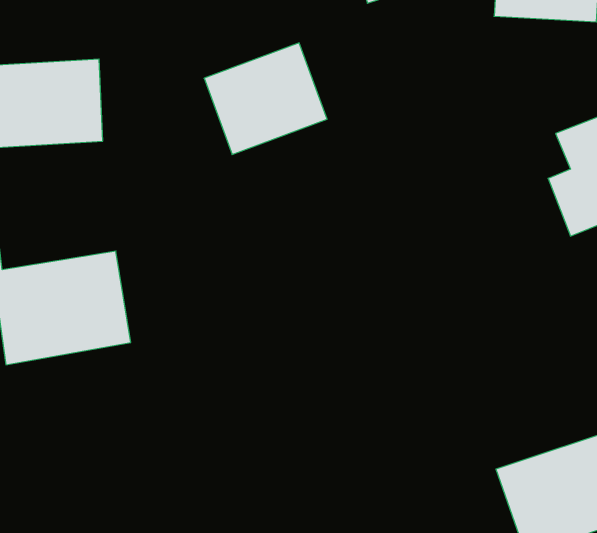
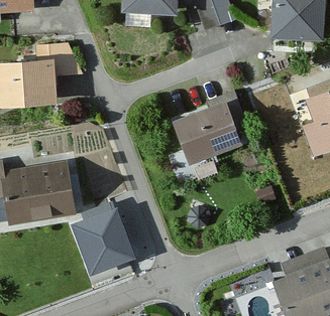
building: [204,43,327,155] -> [172,102,238,162]
building: none -> [77,205,134,266]

